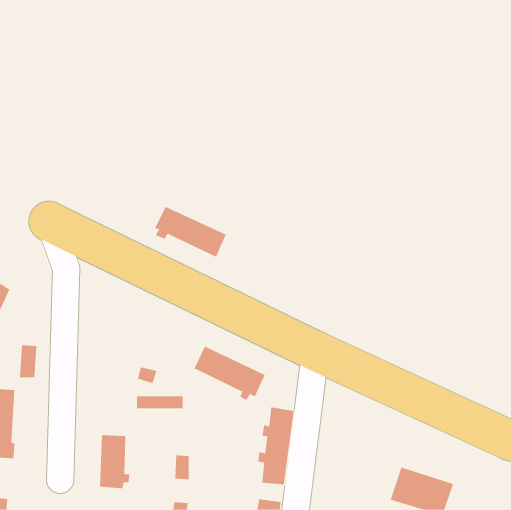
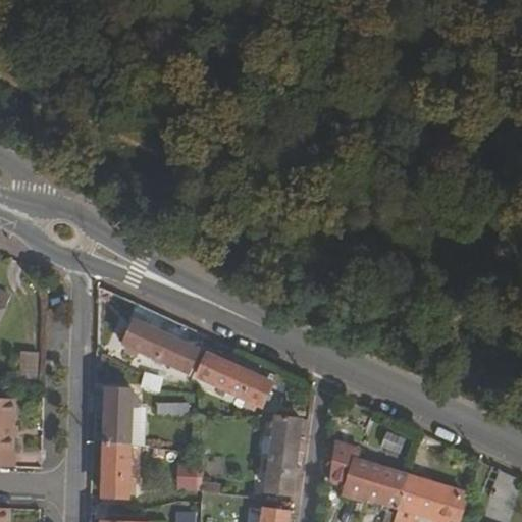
building: [154,206,226,257] -> [124,319,198,371]
building: none -> [103,388,137,443]
building: none -> [328,443,408,509]

